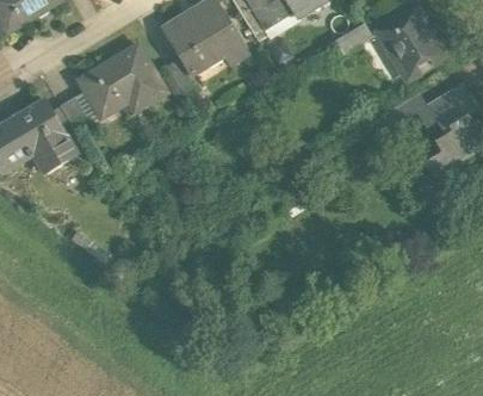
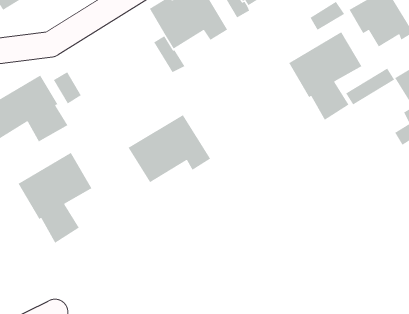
building: [78,43,167,117] -> [127,114,211,183]
building: none -> [288,31,362,121]
building: none -> [17,152,93,244]

